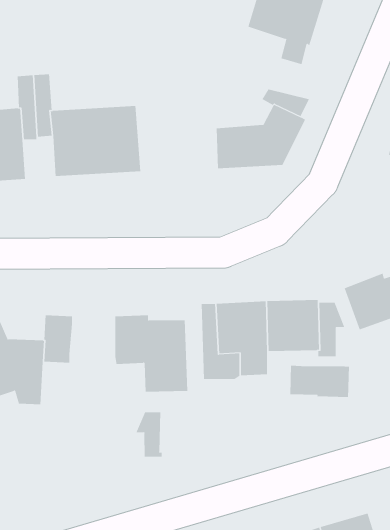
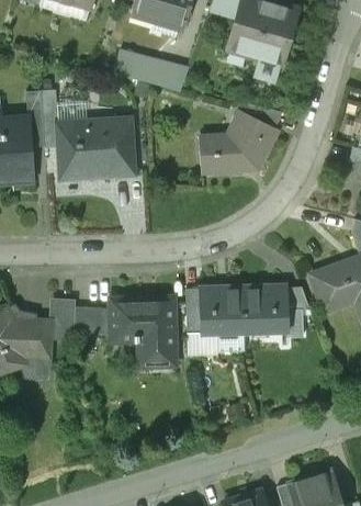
building: none -> [114,50,189,91]
building: none -> [74,306,112,335]
building: [290,365,350,398] -> none
building: [135,411,162,457] -> none

